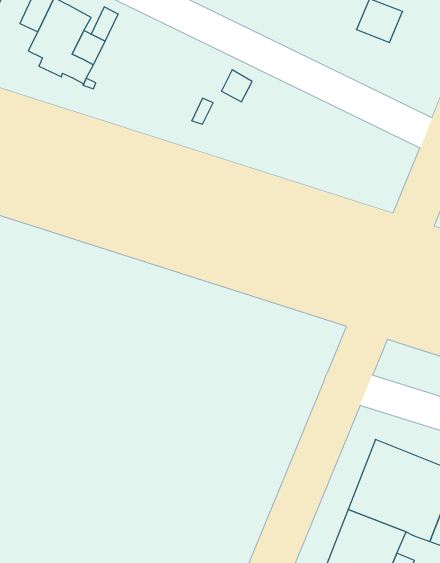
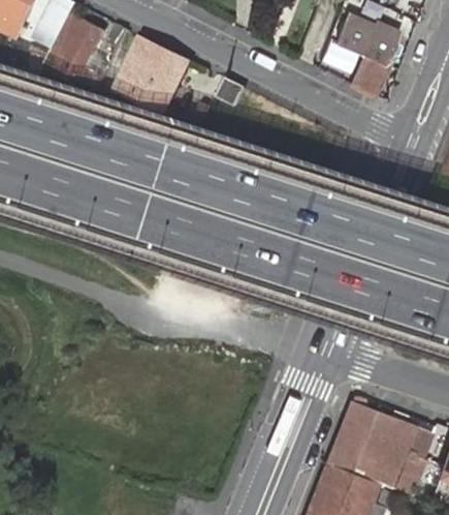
building: none -> [353,21,397,93]
building: none -> [116,35,190,112]

